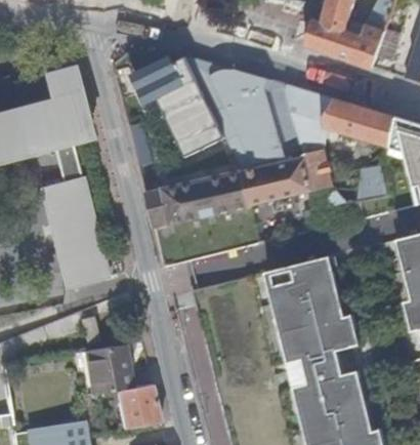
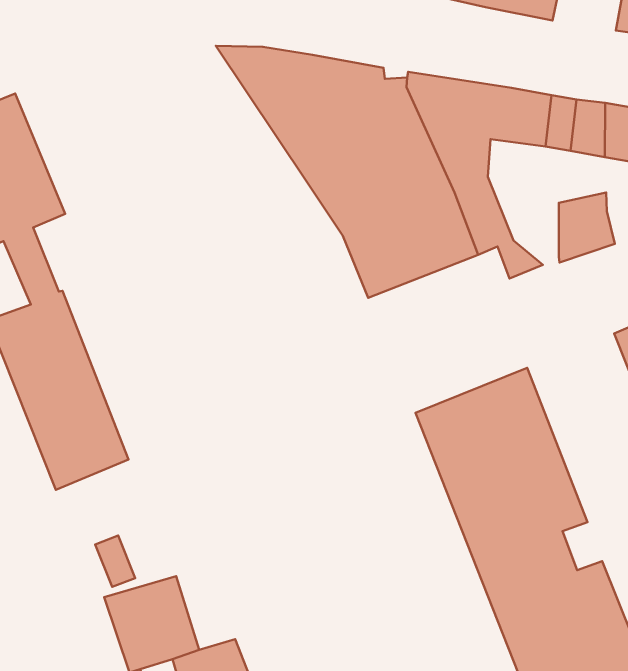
building: [128,49,227,158] -> none
building: [148,171,252,229] -> none

